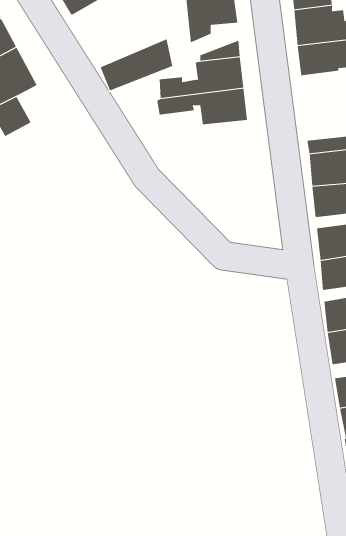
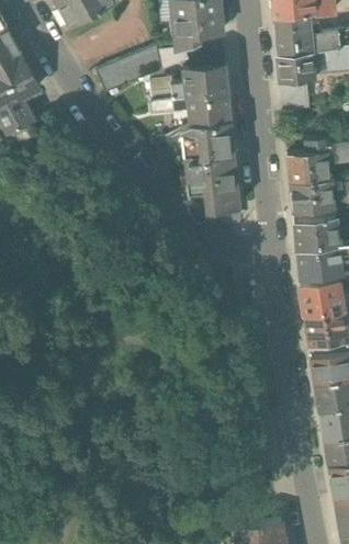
building: none -> [280,83,309,113]
building: none -> [181,123,238,215]

